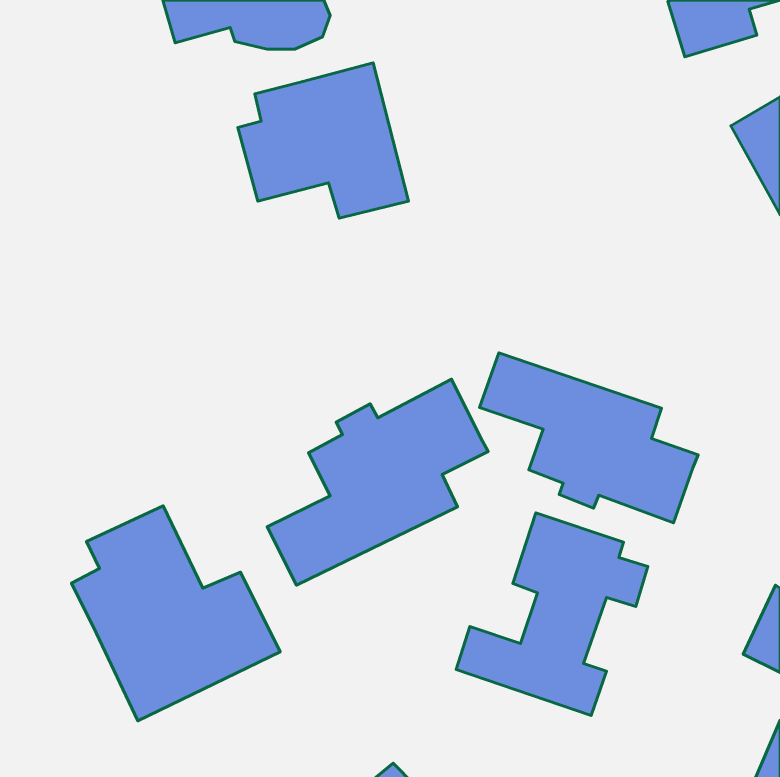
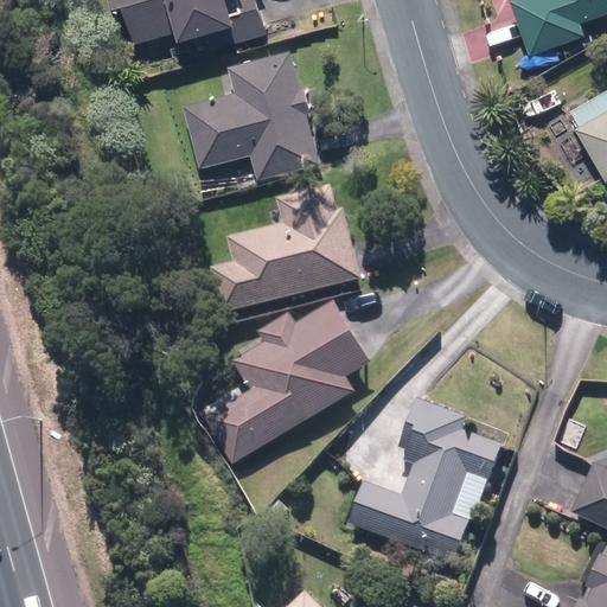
building: none -> [216,187,362,311]
building: [479,353,698,523] -> none
building: [72,506,280,721] -> none

